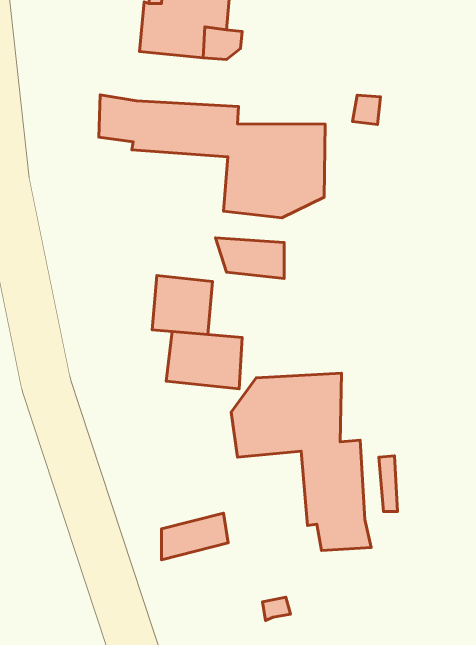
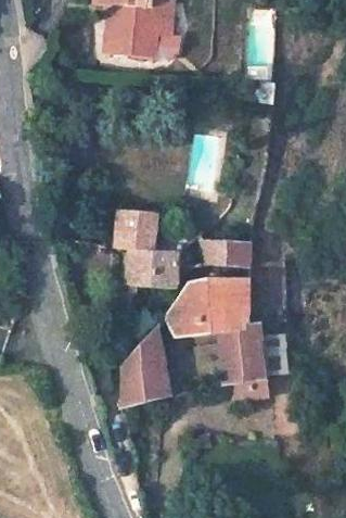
building: [99,95,325,218] -> none
building: [216,238,284,278] -> [201,238,248,266]
building: none -> [123,325,166,386]

